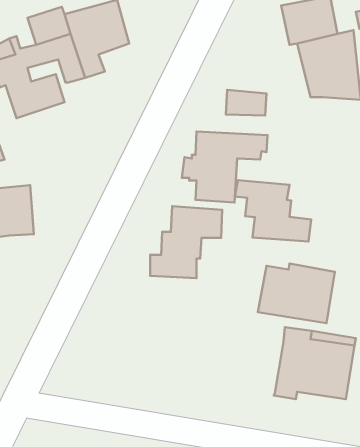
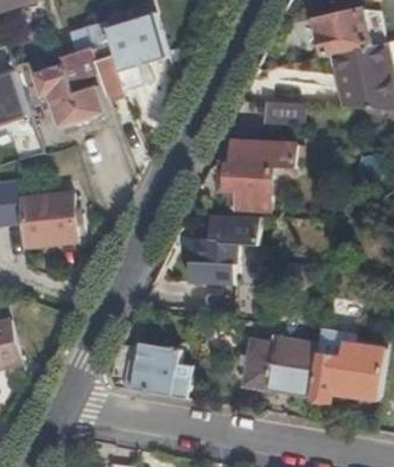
building: [235,180,311,242] -> none
building: [258,263,335,323] -> [242,337,317,395]
building: none -> [112,344,193,397]

